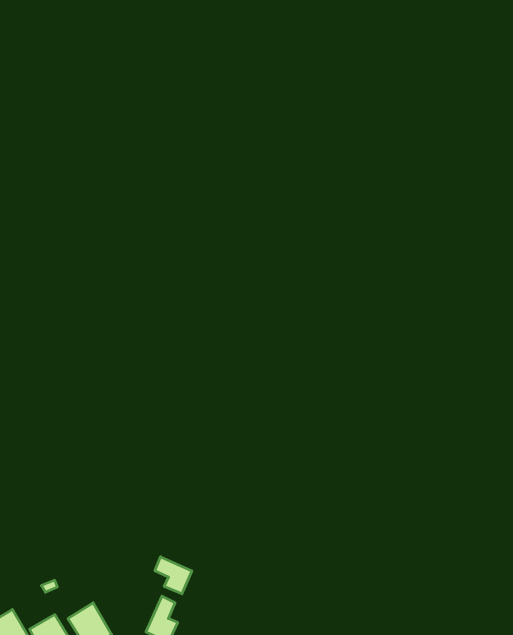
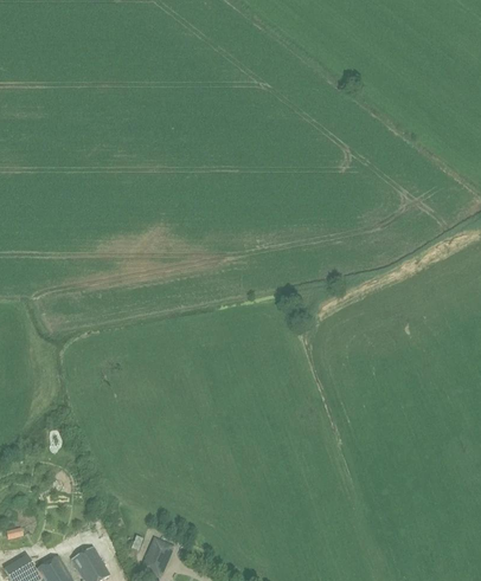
building: [155,557,192,594] -> none

